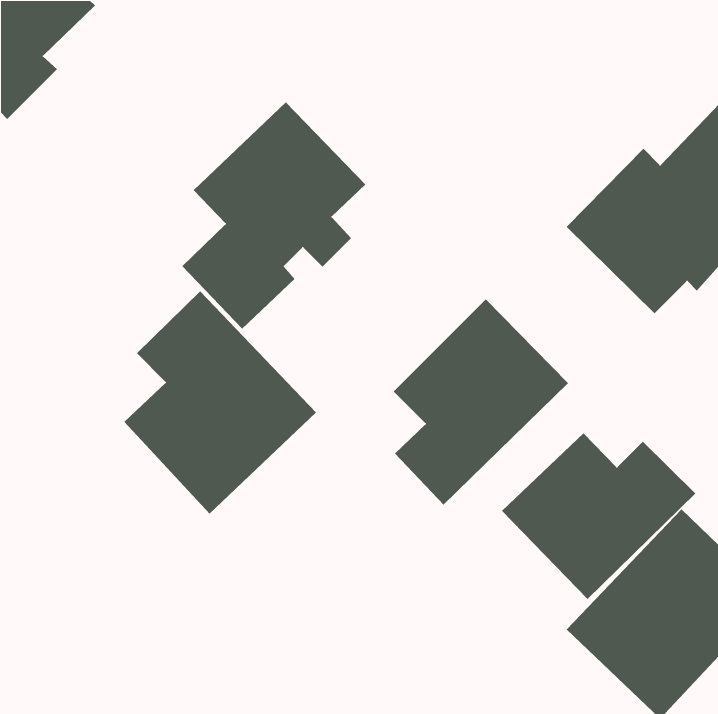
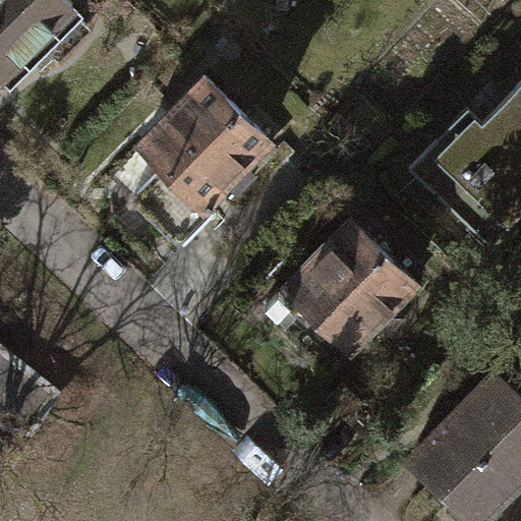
building: [123,291,317,515] -> none
building: [501,432,696,600] -> none

